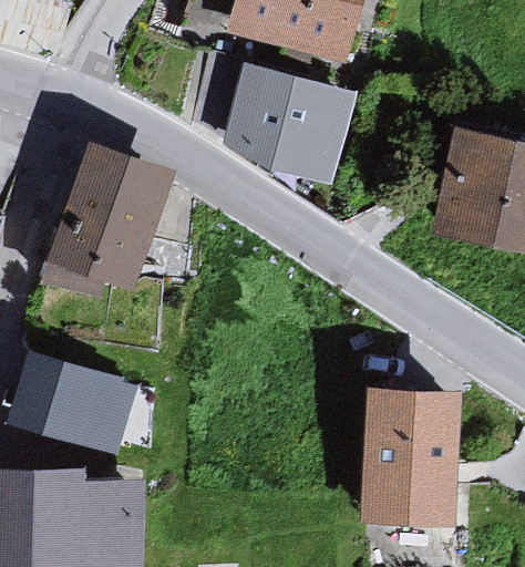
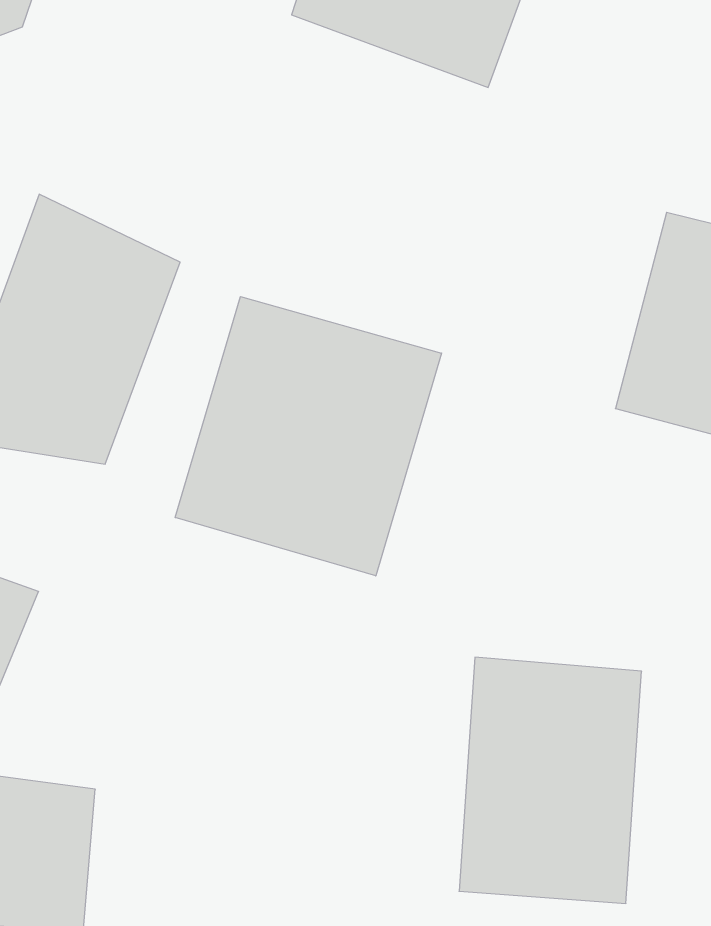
building: [223,68,349,178] -> none
building: none -> [175,297,442,576]

